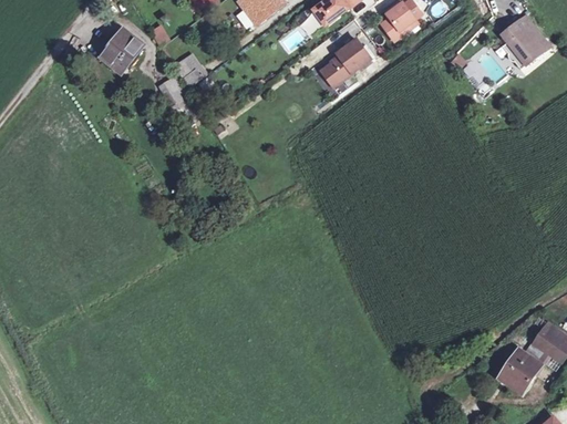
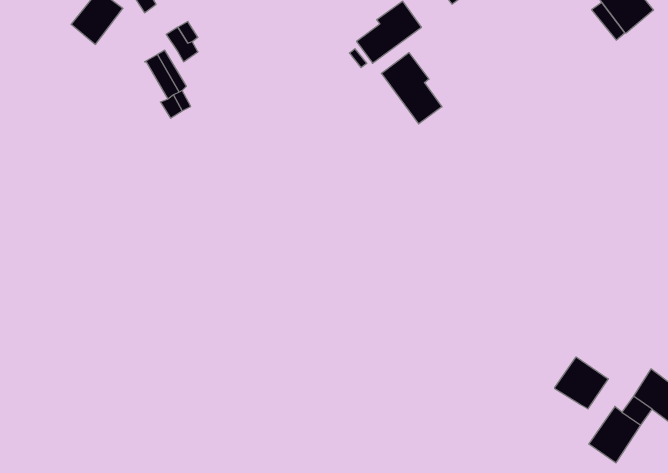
building: none -> [381,53,442,124]
building: none -> [555,357,608,409]

